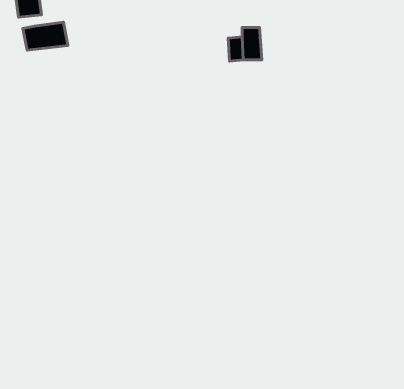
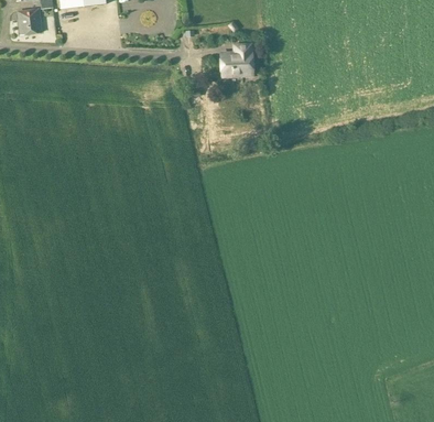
building: [23,22,68,50] -> none

